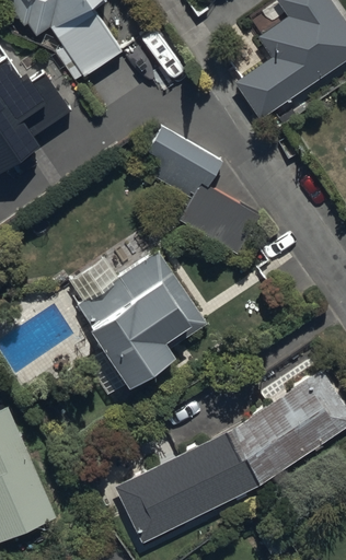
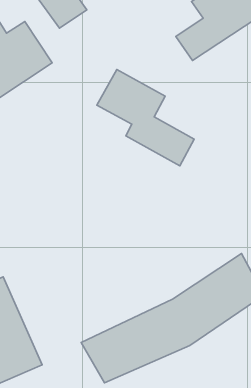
building: [72,250,205,394] -> none

